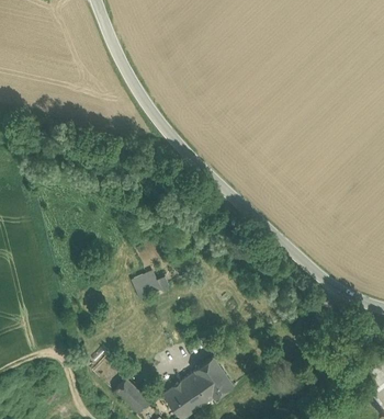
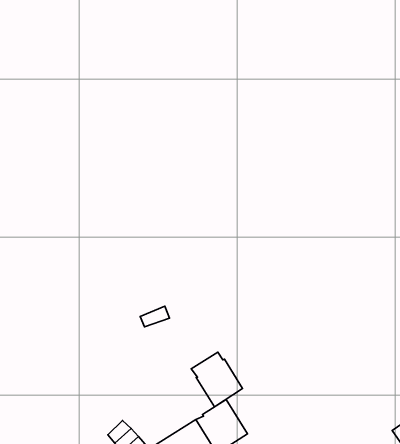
building: none -> [191,352,243,407]

